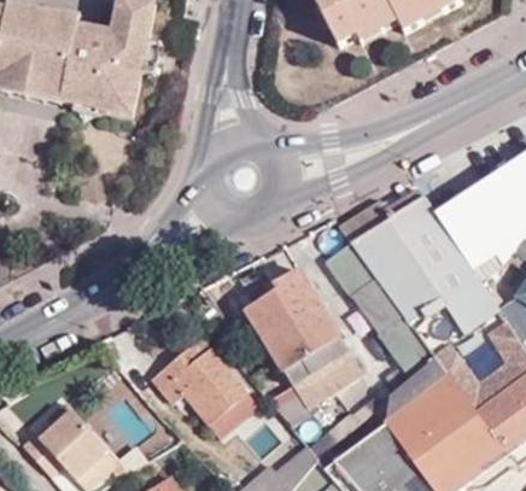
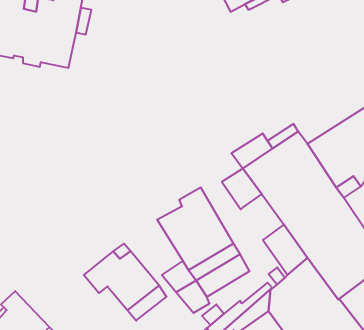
building: [353,276,405,332] -> none

